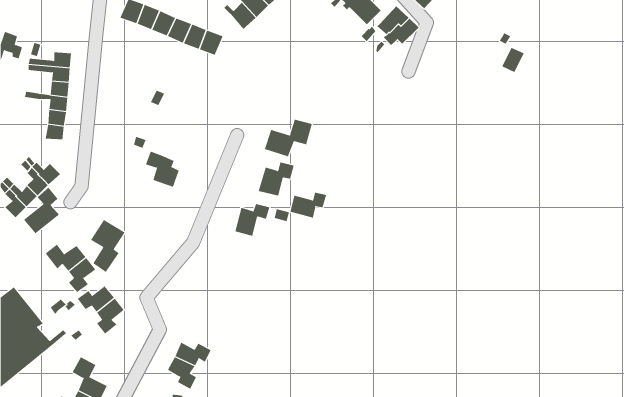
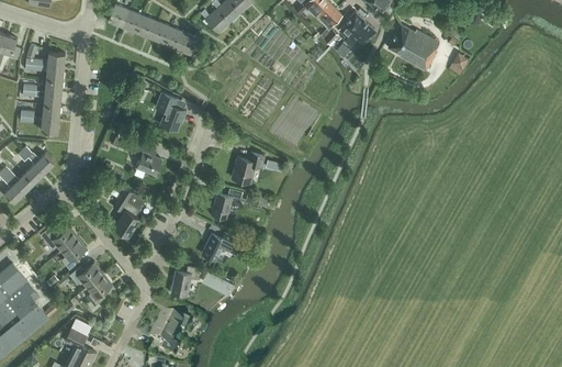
building: none -> [387,24,439,70]
building: none -> [156,92,186,130]
building: [264,119,312,157] -> none
building: [23,187,60,234] -> none
building: [290,192,327,218] -> none
building: [90,219,126,273] -> [113,188,145,236]
building: none -> [201,232,243,260]
building: none -> [171,266,201,296]

